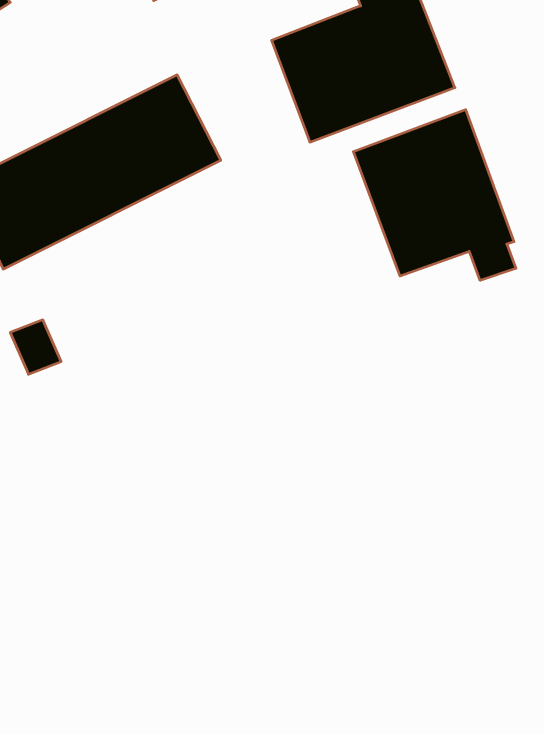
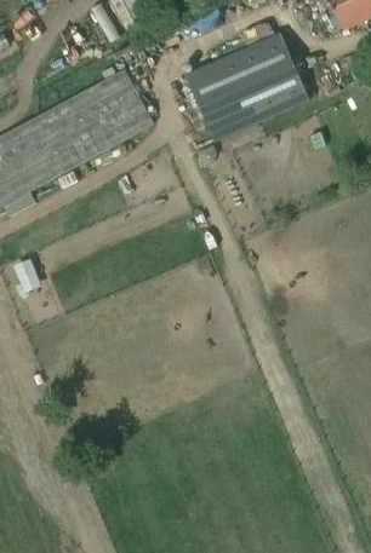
building: [353,110,516,280] -> none

